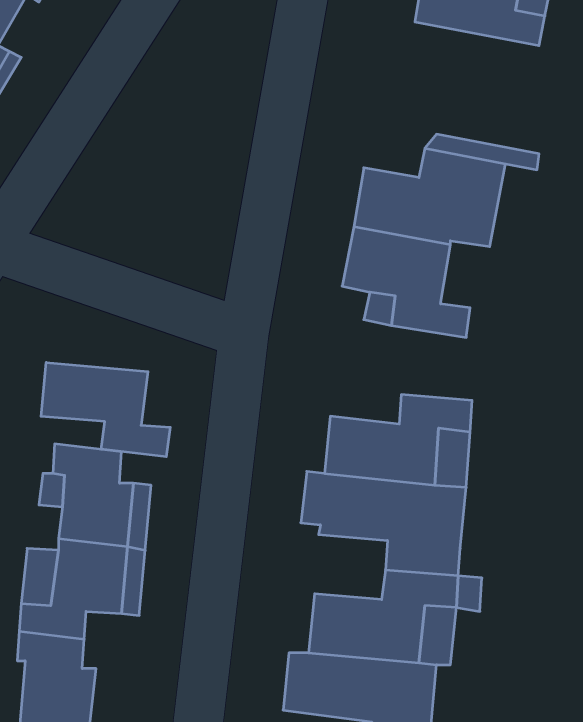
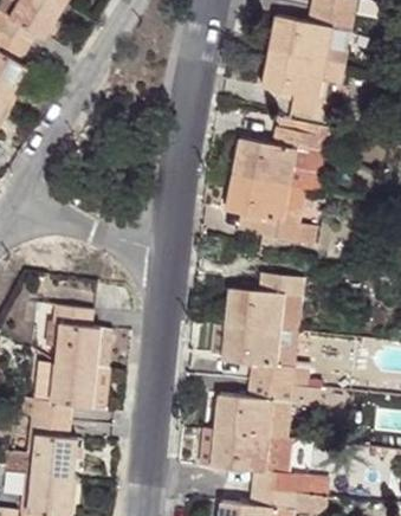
building: none -> [263,51,344,120]
building: [41,362,170,457] -> none

